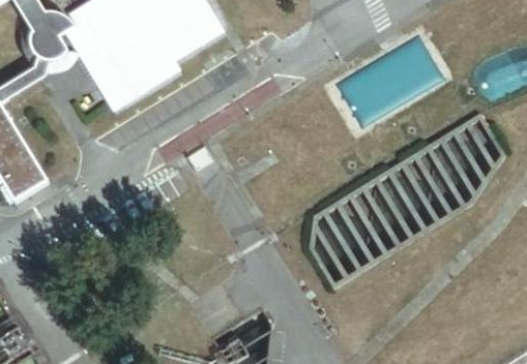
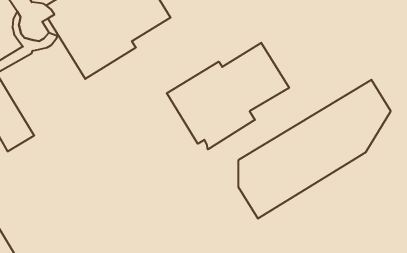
building: none -> [167,43,289,149]

